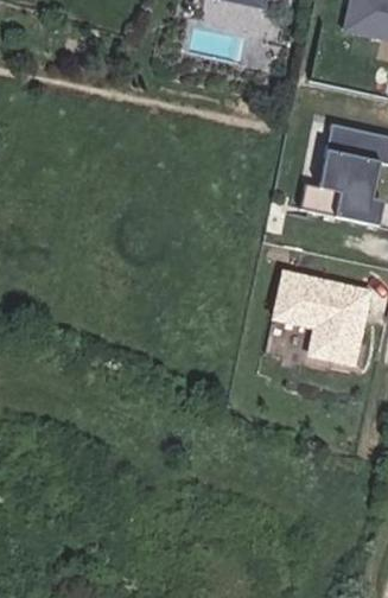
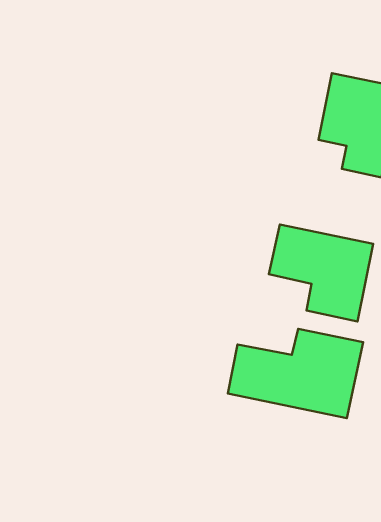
building: none -> [228,329,363,418]

